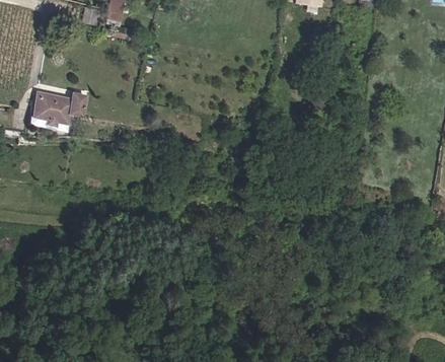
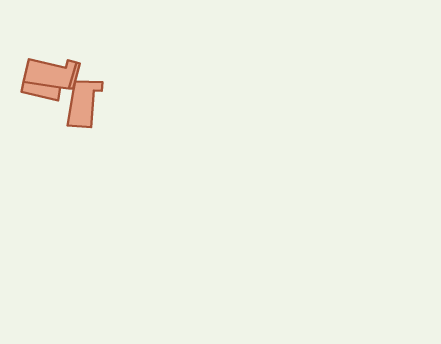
building: none -> [68,81,102,127]

